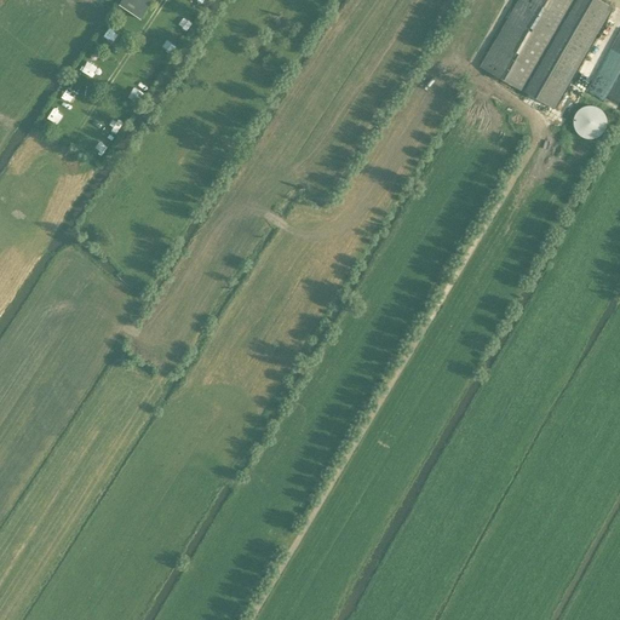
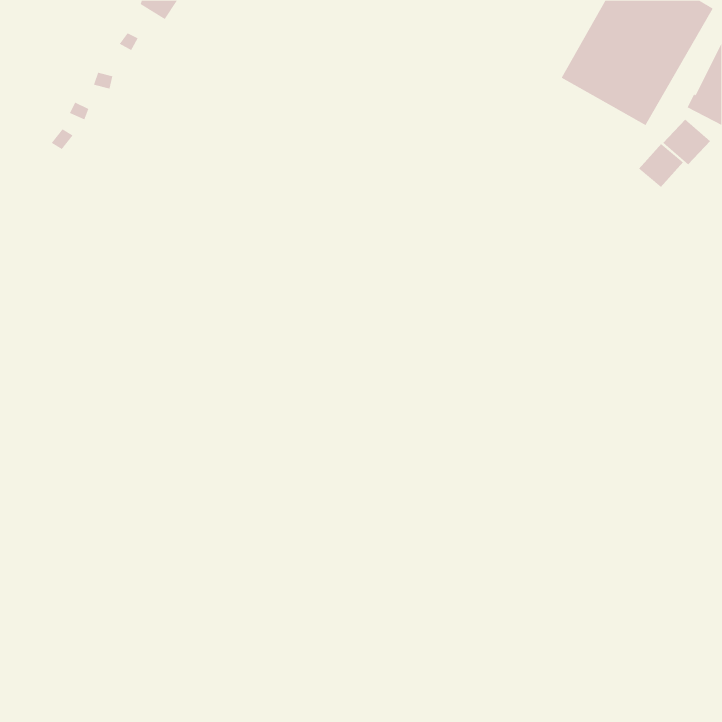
building: none -> [638,143,684,188]

